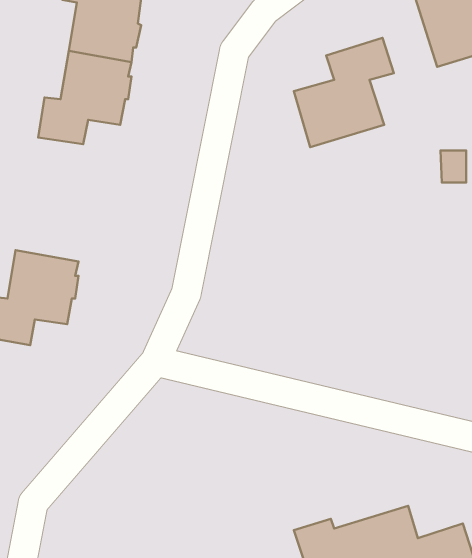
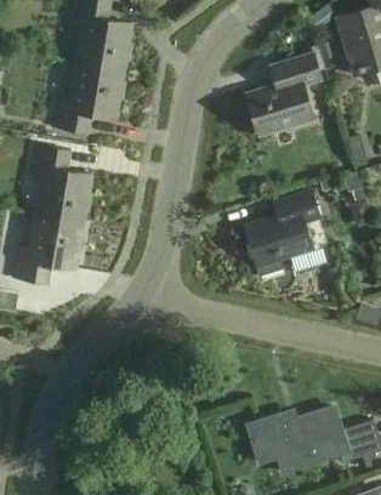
building: none -> [32,144,91,222]
building: none -> [245,190,320,277]

